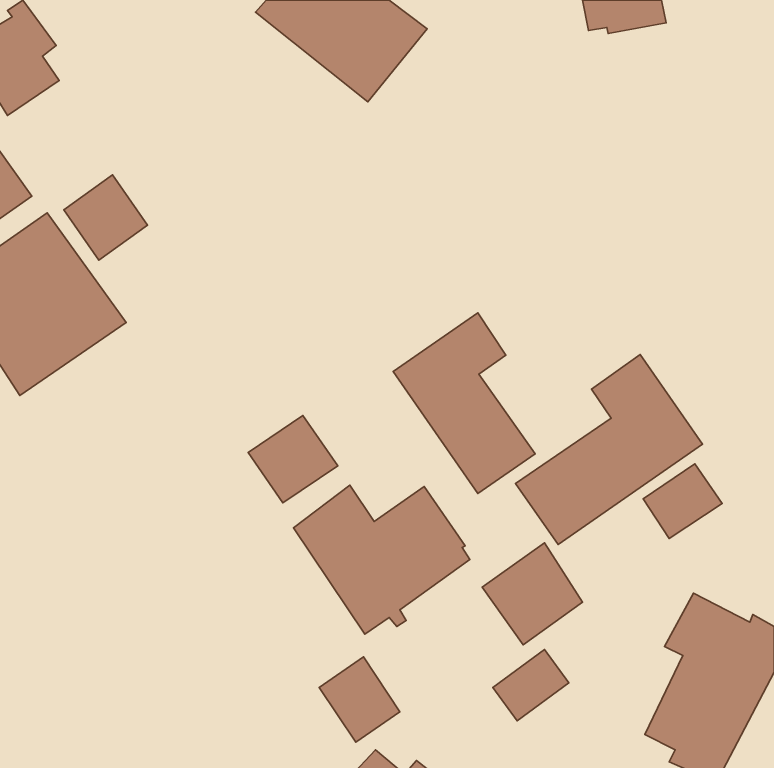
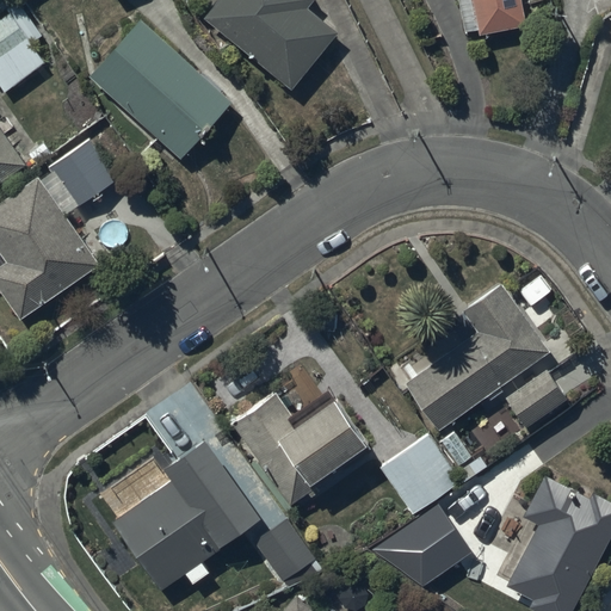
building: none -> [91,23,235,162]
building: [393,313,535,494] -> none
building: [248,416,338,503] -> none
building: none -> [111,439,261,593]

